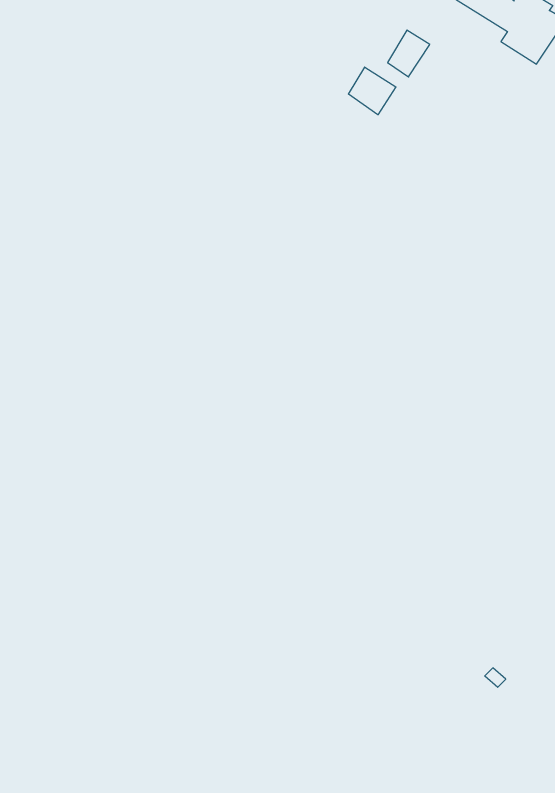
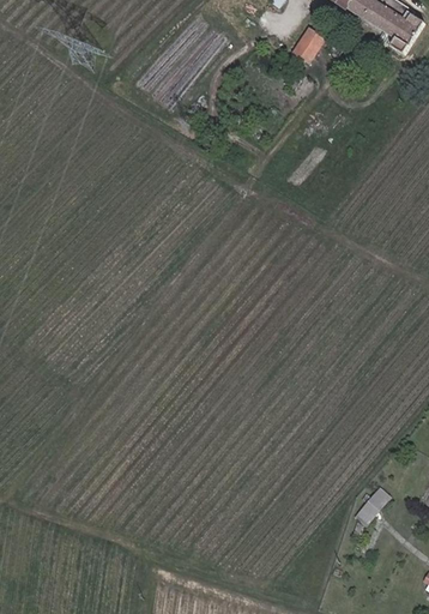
building: [348,67,396,115] -> none

